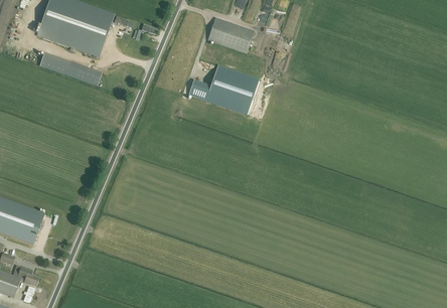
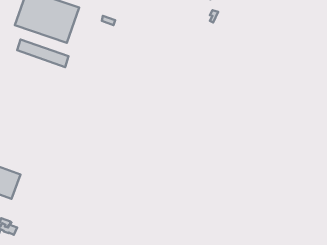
building: [207,17,253,52] -> none
building: [188,65,257,112] -> none

